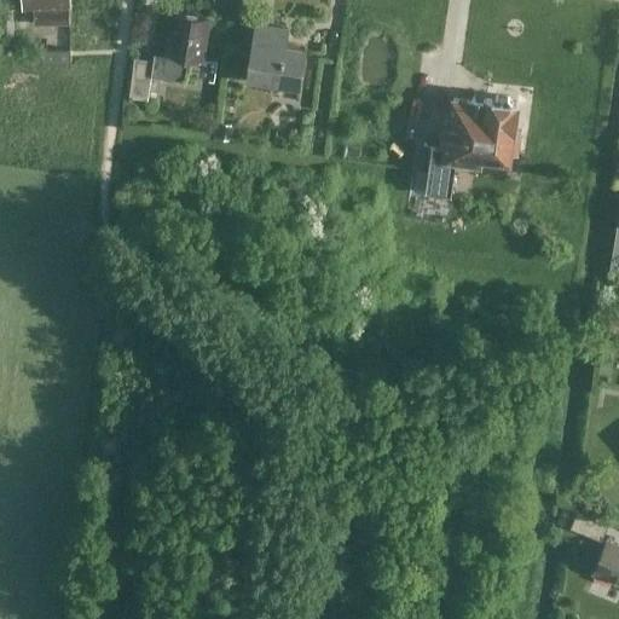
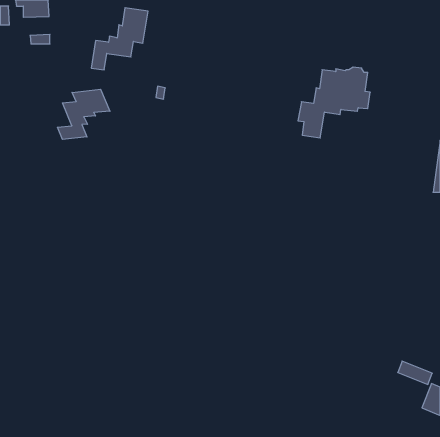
building: [247,28,305,91] -> none
building: none -> [57,89,110,139]

